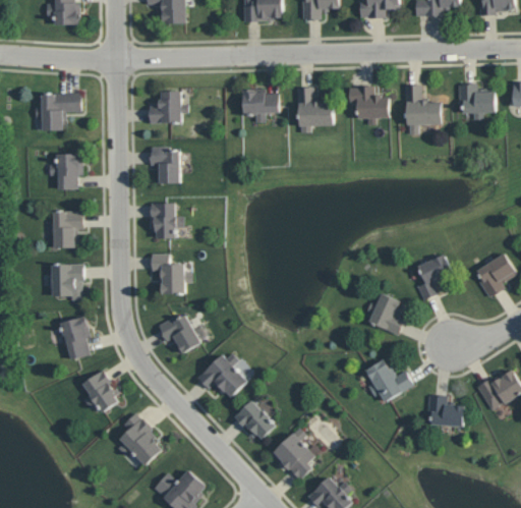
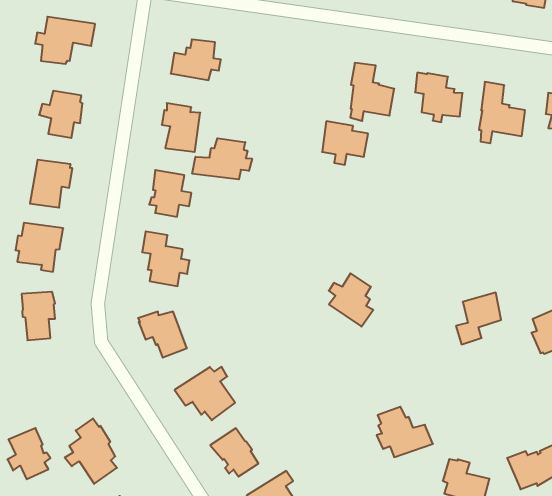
building: [242,89,278,121] -> [322,121,368,165]
building: none -> [192,138,252,179]
building: [365,292,404,334] -> [329,273,373,327]
building: [81,370,118,412] -> [7,428,50,479]

